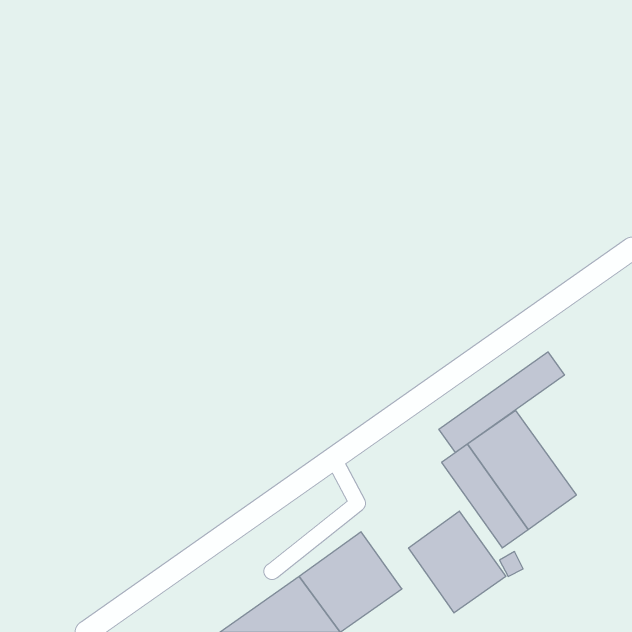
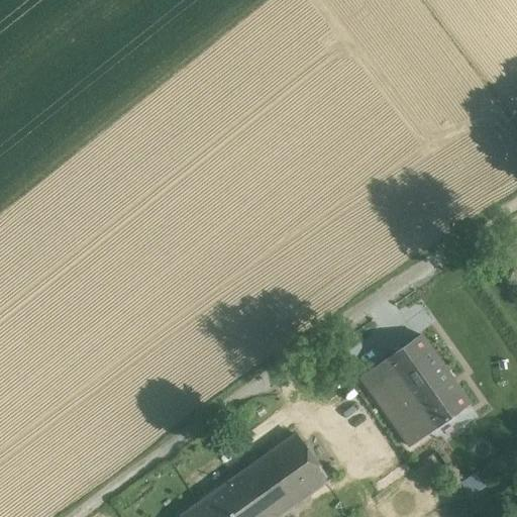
building: [439,352,564,453] -> none
building: [409,511,506,613] -> none

